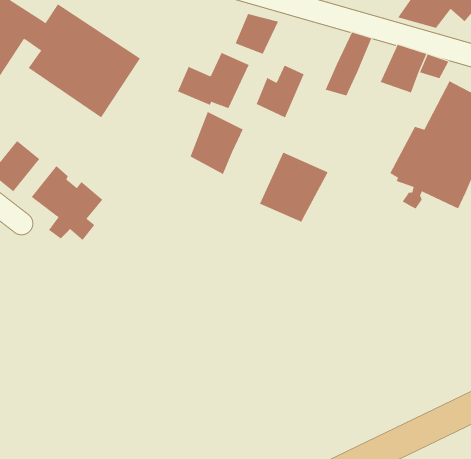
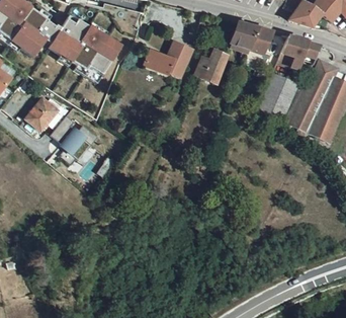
building: [235,14,279,54] -> [230,22,258,49]
building: [190,111,243,175] -> none
building: [259,152,328,223] -> [254,75,298,121]

